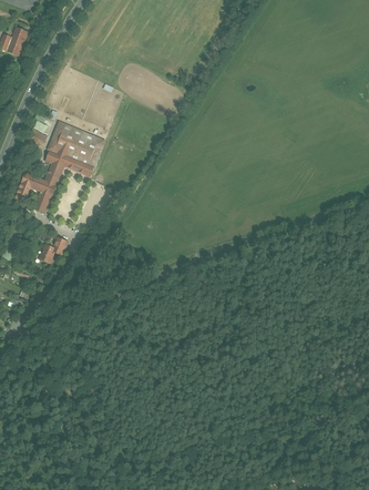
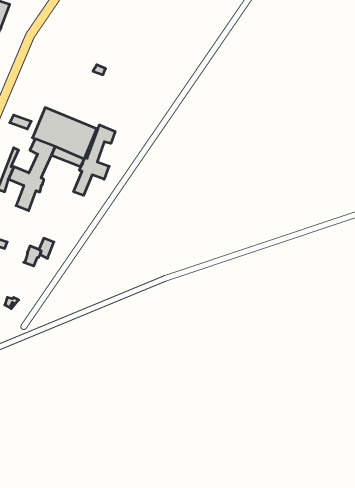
building: none -> [74,125,115,195]

